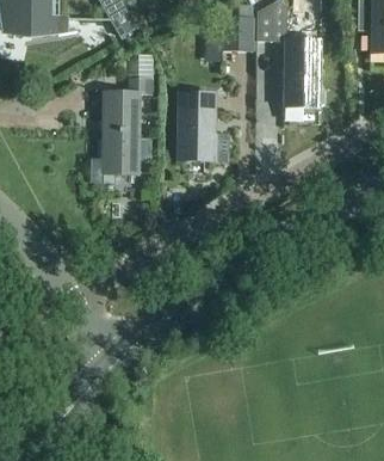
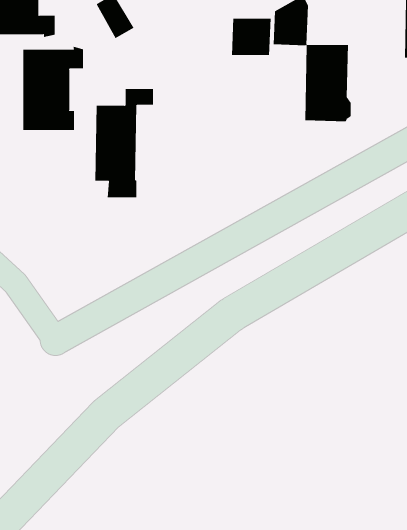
building: none -> [23,46,84,131]
building: [176,93,228,160] -> none

